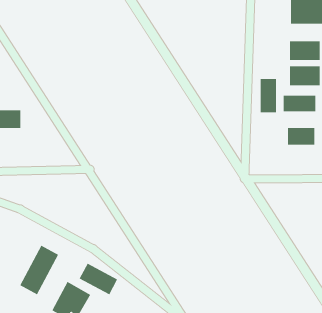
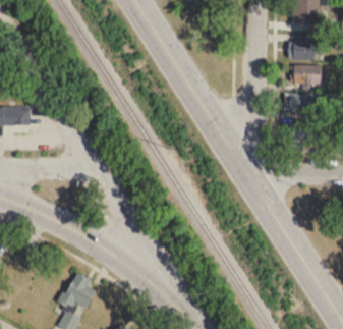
building: [260,78,277,113] -> none
building: [19,245,59,295] -> none
building: [79,263,118,295] -> none

